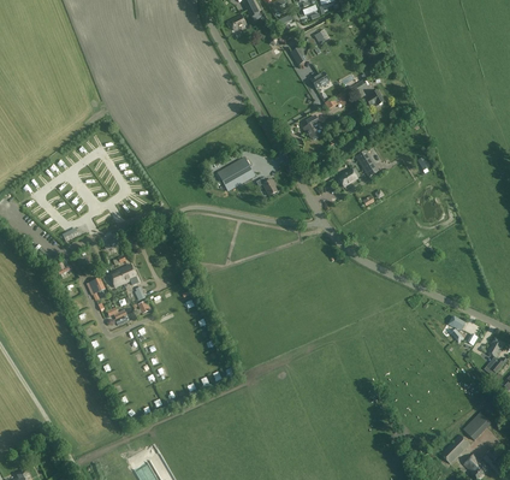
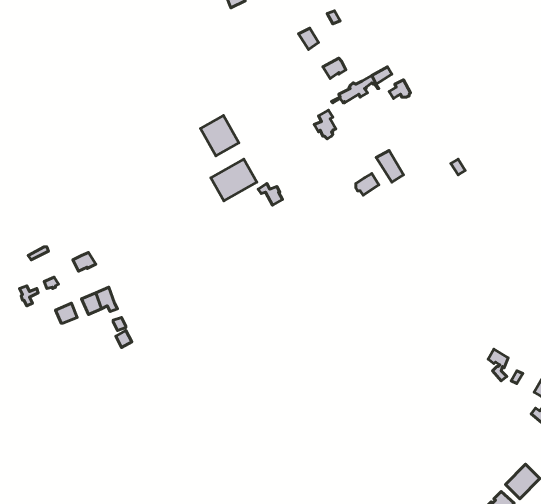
building: none -> [201,116,239,156]

